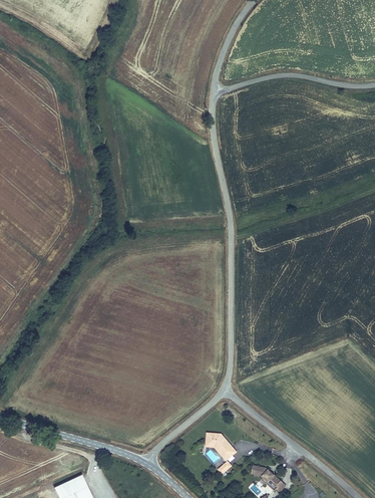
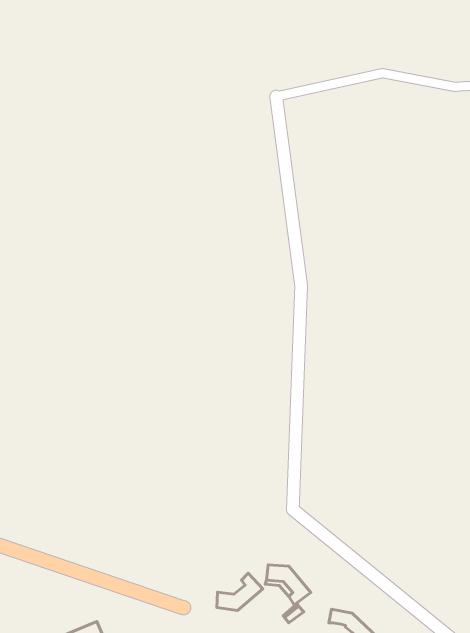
building: none -> [217,573,263,610]

